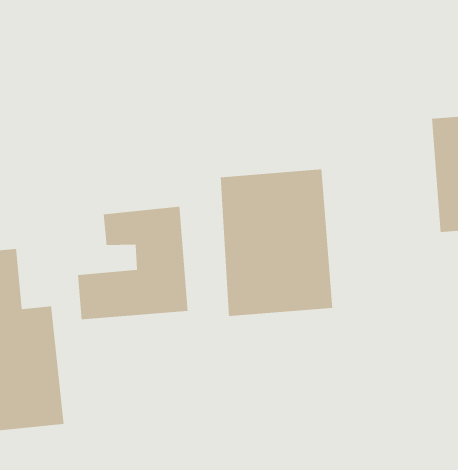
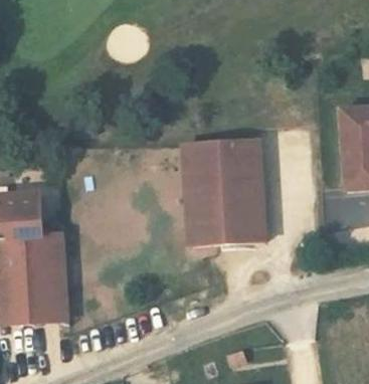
building: [77,206,188,320] -> none

